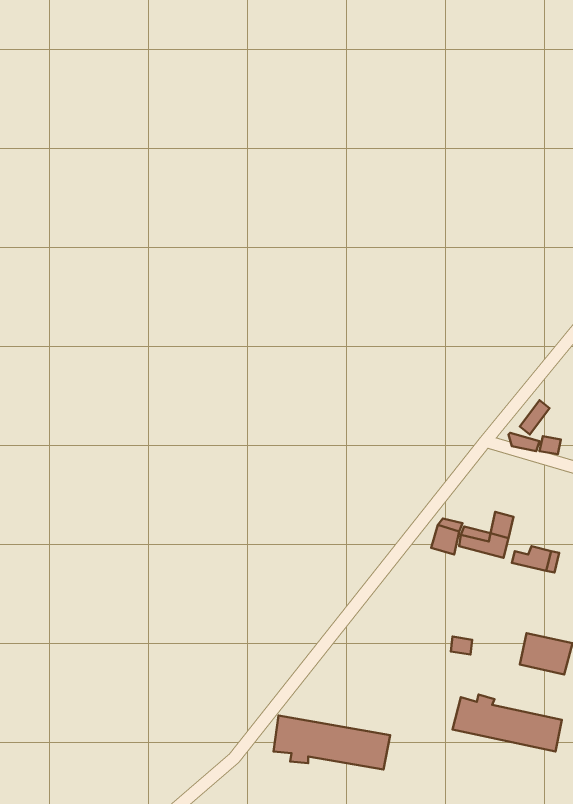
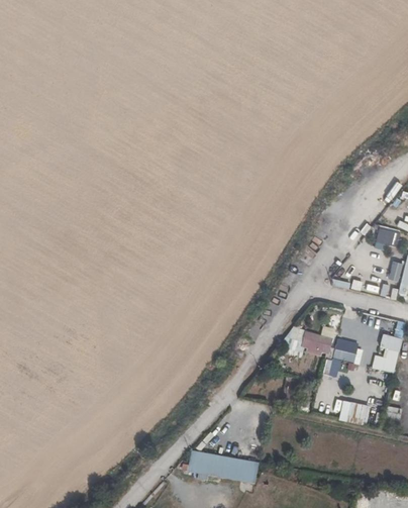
building: [453,694,562,752] -> none

